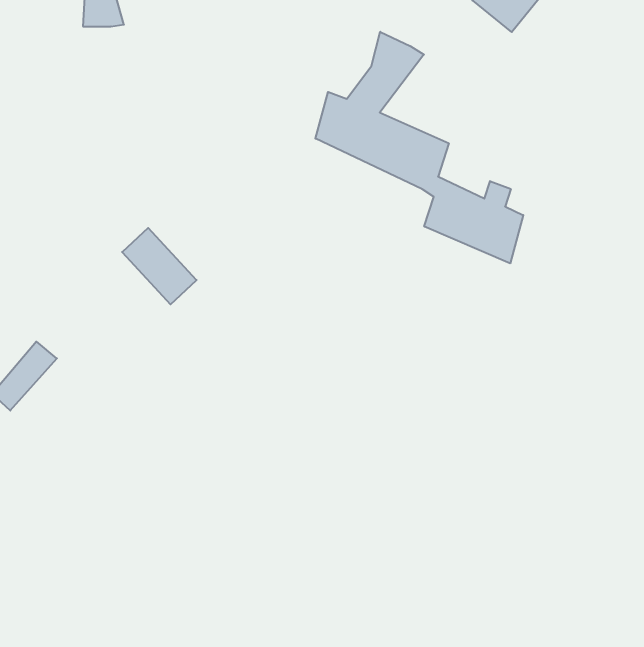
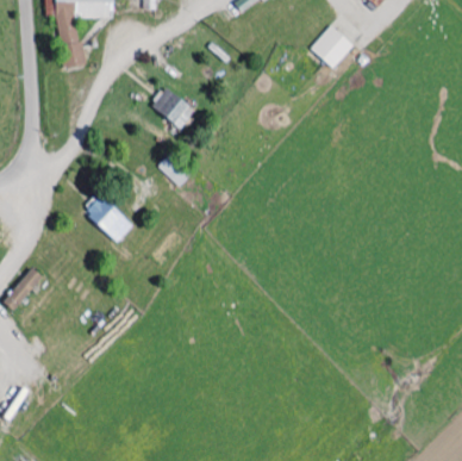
building: [315,32,523,263] -> none
building: none -> [150,87,192,123]

